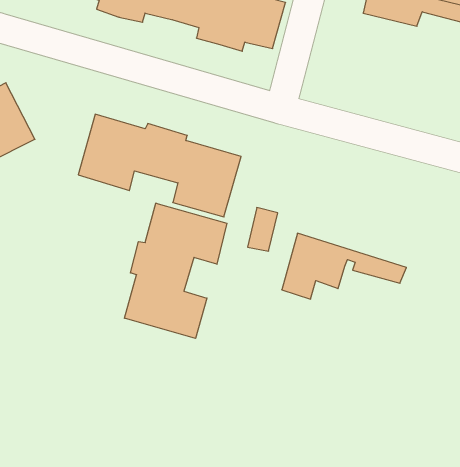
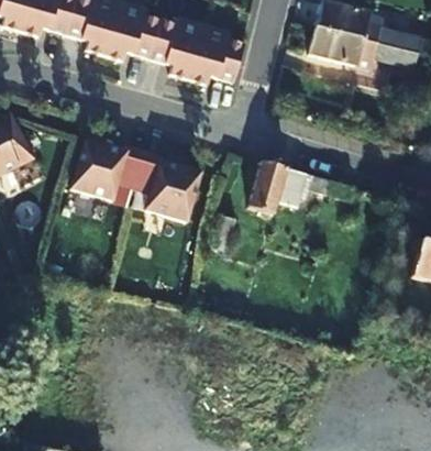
building: [124,203,227,338] -> none
building: [282,233,406,299] -> [250,161,354,216]

